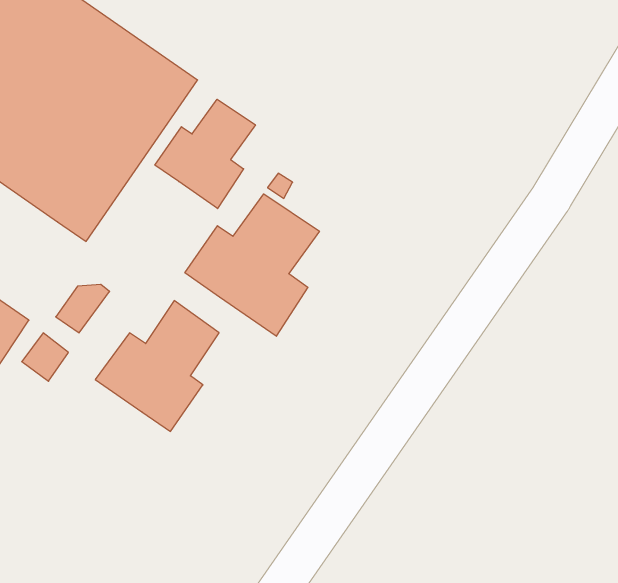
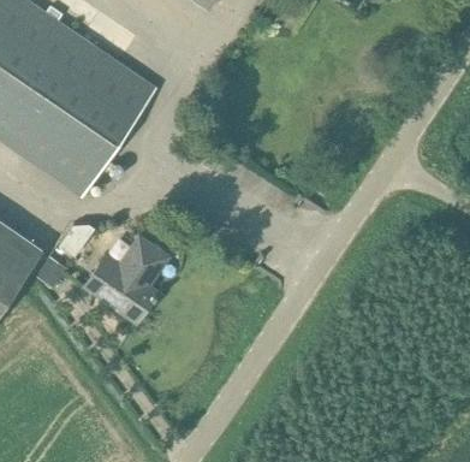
building: [155,99,255,209] -> none
building: [185,194,319,336] -> none

